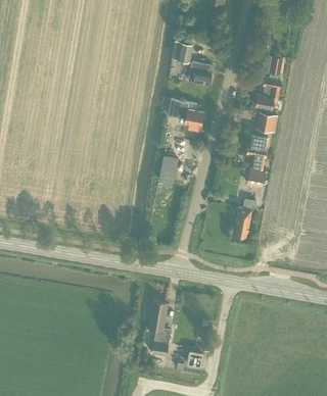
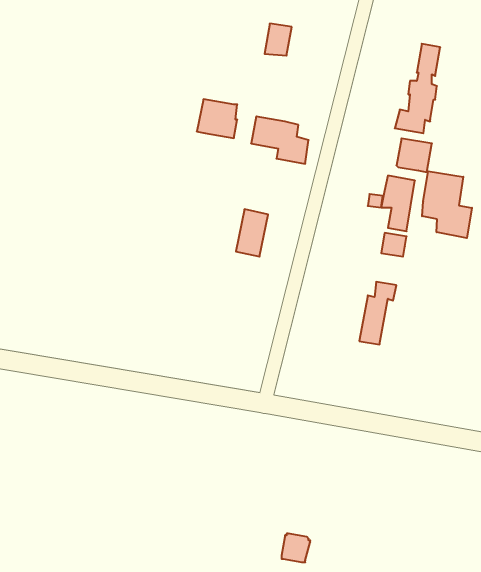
building: [187,61,212,85] -> [197,99,237,138]
building: none -> [422,171,472,238]
building: [147,301,170,357] -> none

